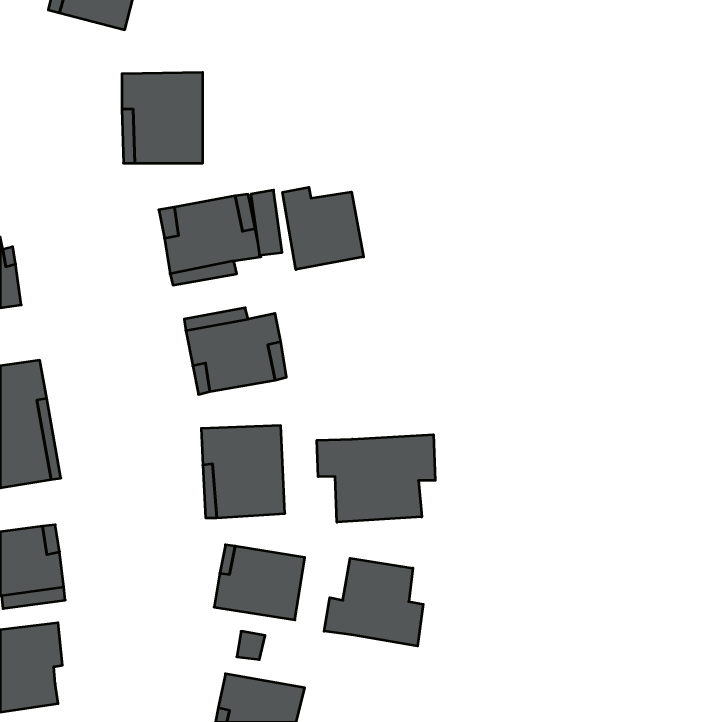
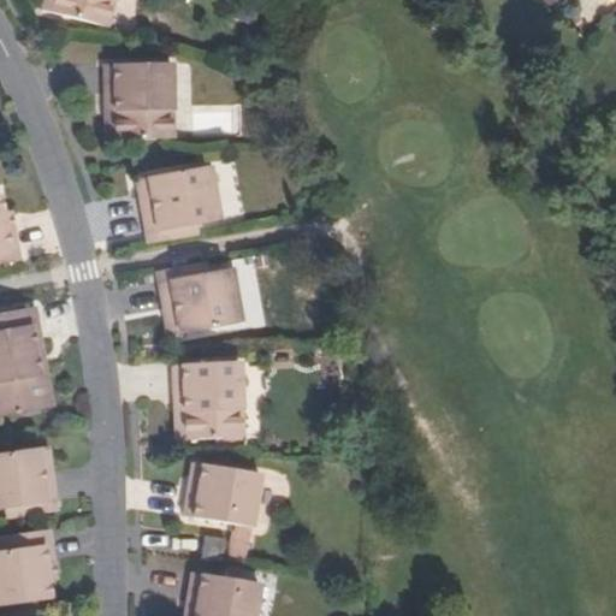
building: [283,187,364,270] -> none
building: [317,435,435,522] -> none
building: [324,558,423,646] -> none

